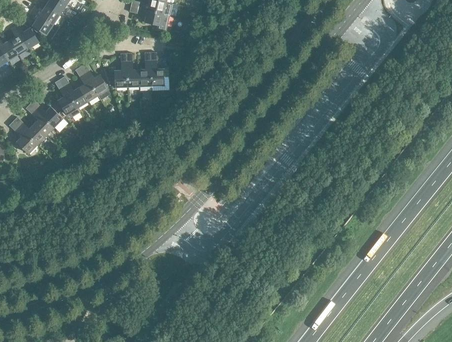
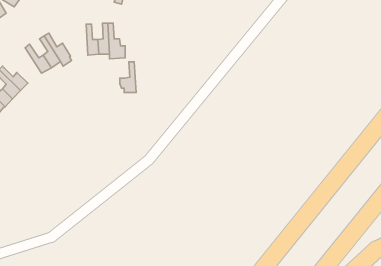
building: [110,53,128,87] -> [120,62,136,93]
building: [54,79,80,117] -> none

